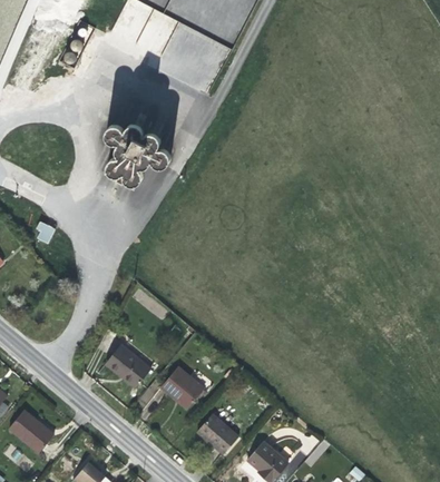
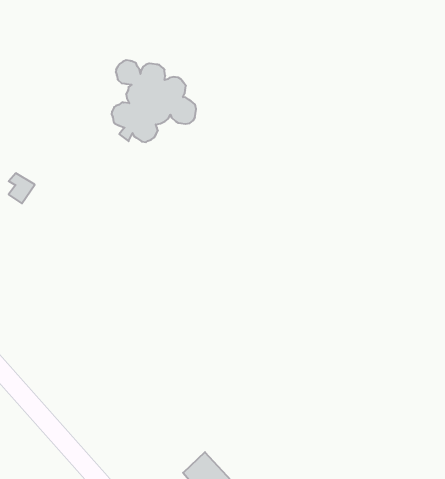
building: [107,343,151,386] -> none
building: [162,366,204,409] -> none

